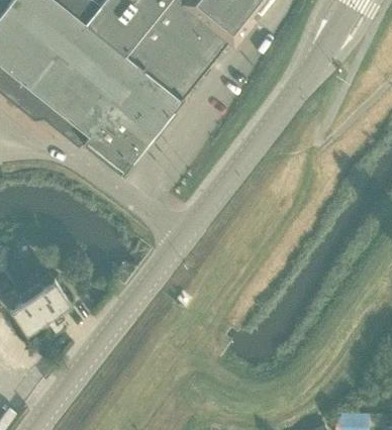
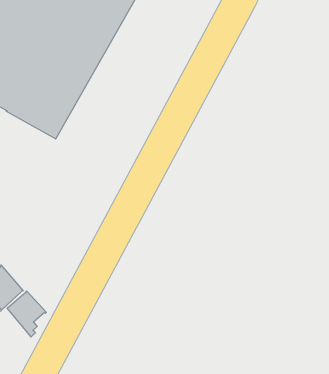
building: none -> [7,291,46,337]

